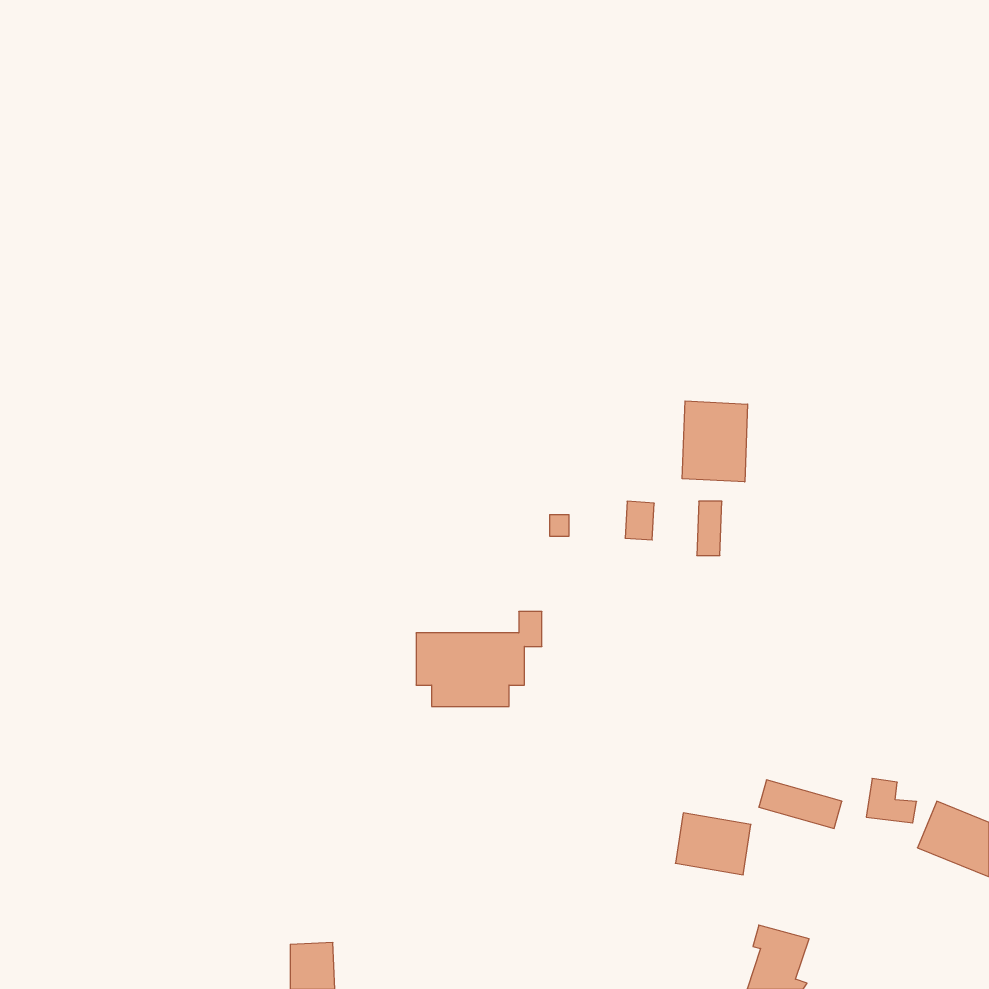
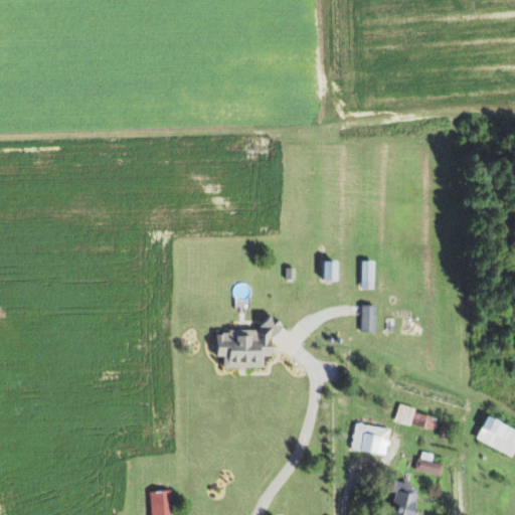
building: [682,401,748,482] -> none
building: none -> [361,305,376,332]
building: [866,778,917,823] -> [416,451,443,474]

